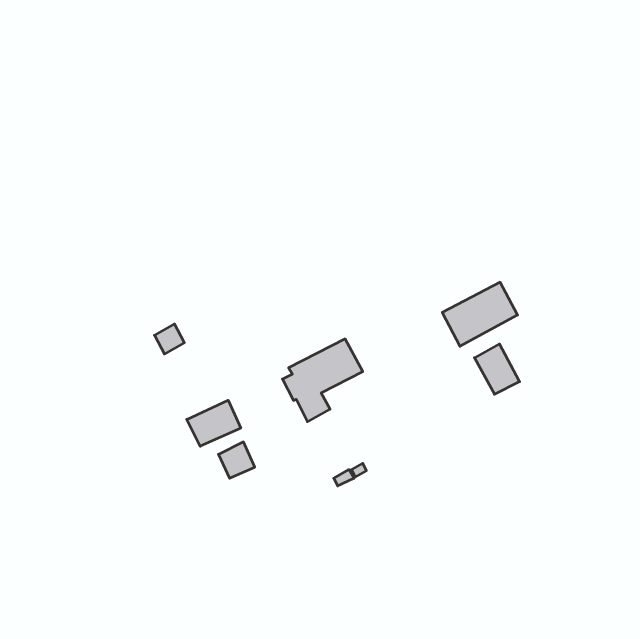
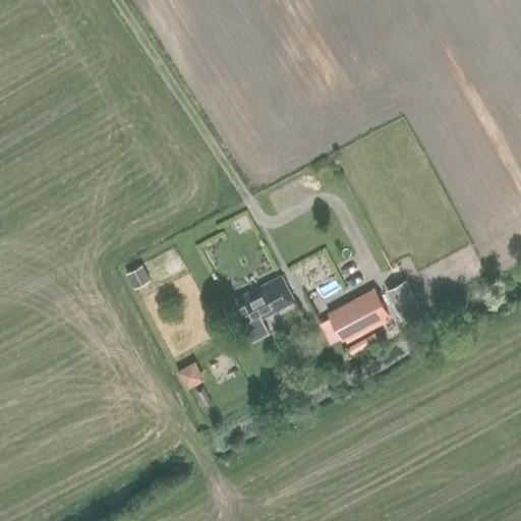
building: [442,282,518,346] -> [327,290,388,342]
building: [187,400,241,446] -> none

